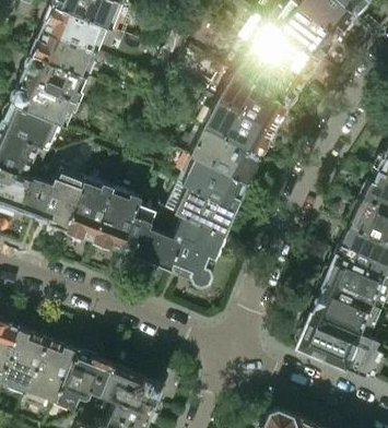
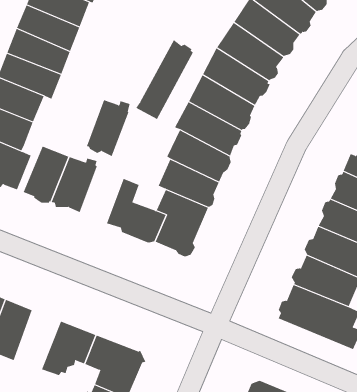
building: none -> [136,39,194,120]
building: [95,192,140,250] -> [86,100,131,157]
building: [28,337,75,400] -> none

